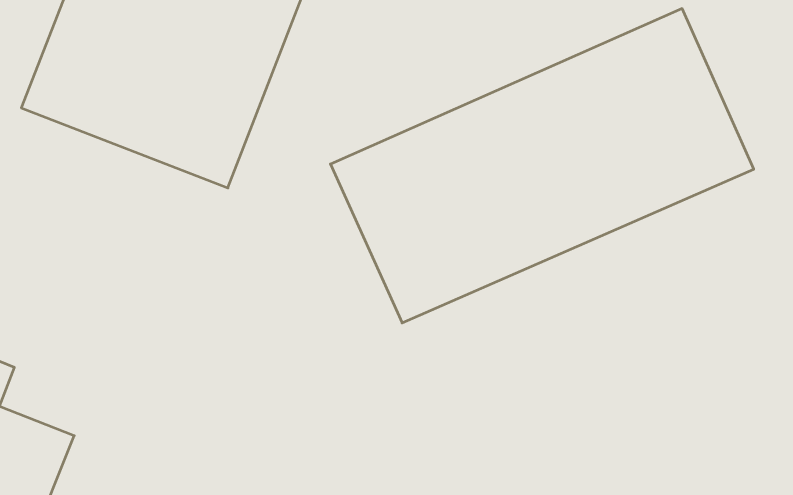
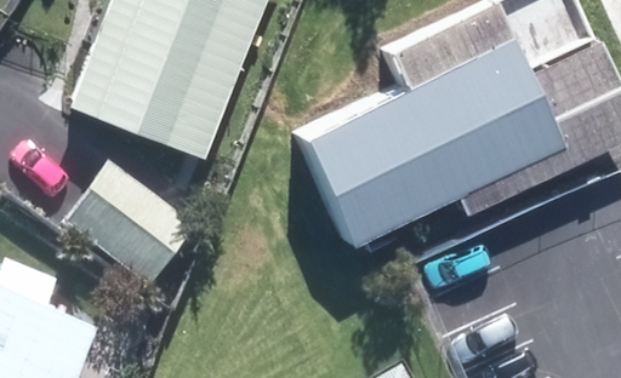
building: none -> [57,159,210,300]

